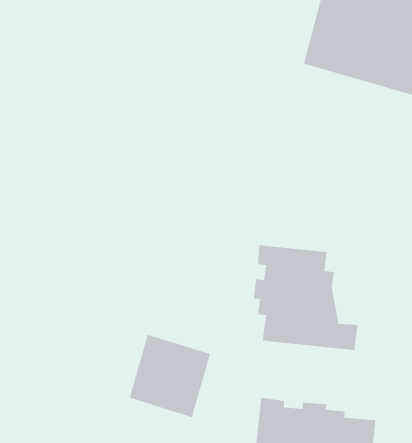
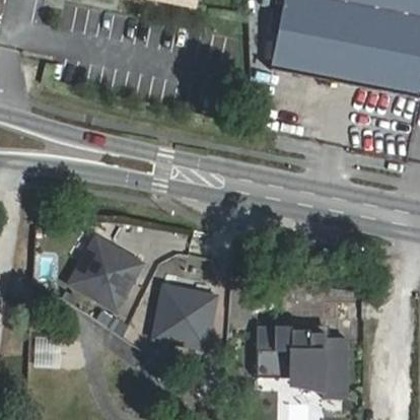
building: [253,245,358,351] -> none
building: none -> [65,237,135,307]

